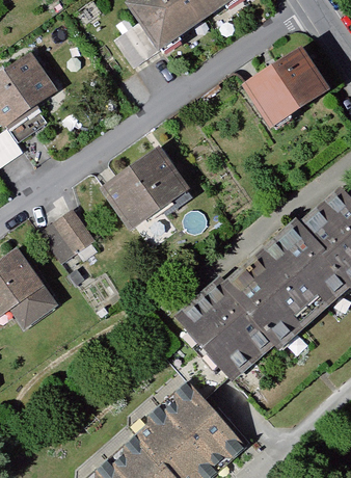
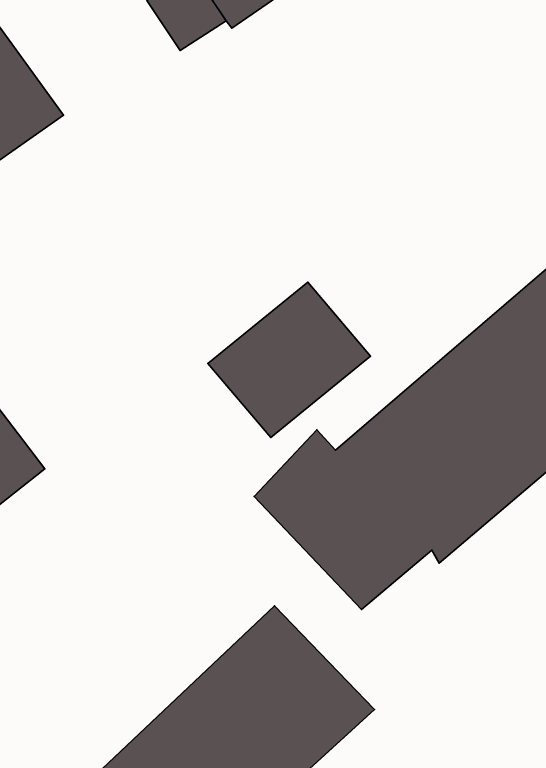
building: [242,48,332,131] -> none
building: [99,145,190,233] -> [208,282,371,437]
building: [40,209,96,262] -> none

